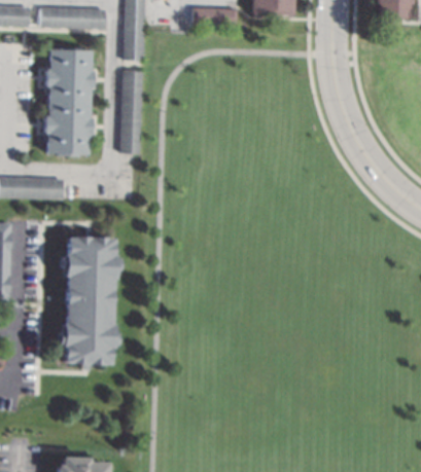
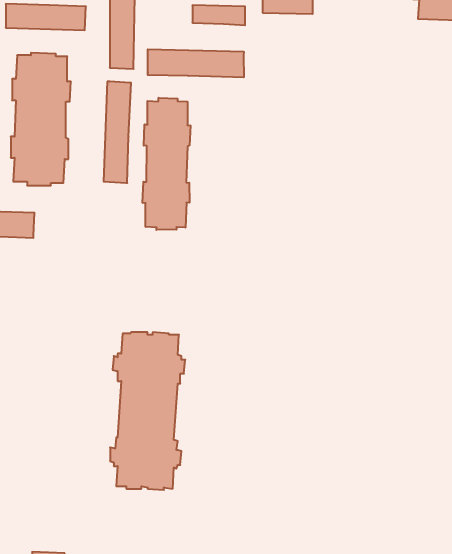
building: none -> [148,49,244,77]
building: none -> [143,98,190,230]
building: [58,235,119,365] -> [110,332,185,490]

